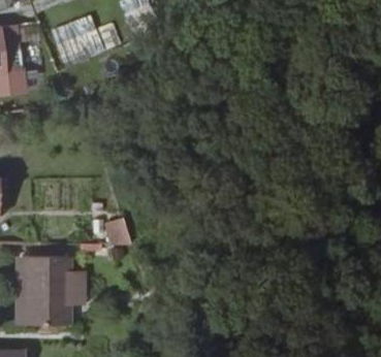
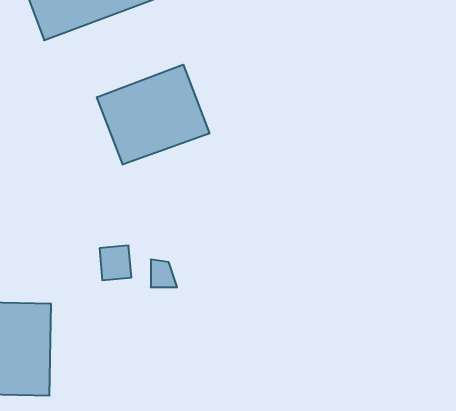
building: none -> [97,65,209,165]

